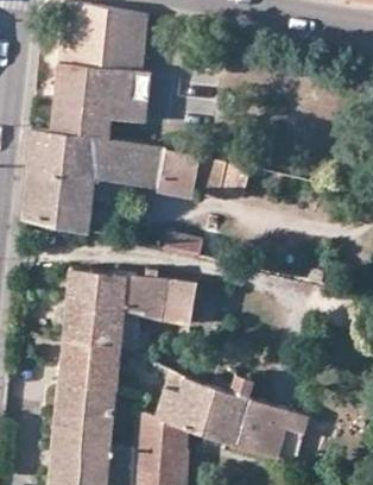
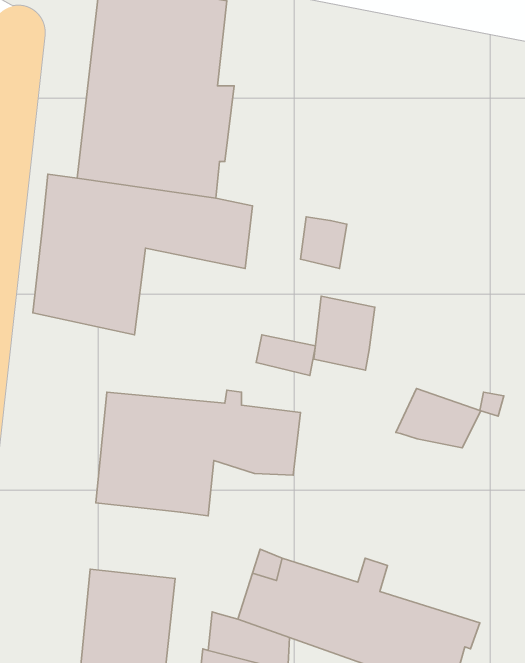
building: [160,149,200,196] -> [314,296,375,370]
building: none -> [396,388,481,448]
building: [61,340,119,389] -> none

